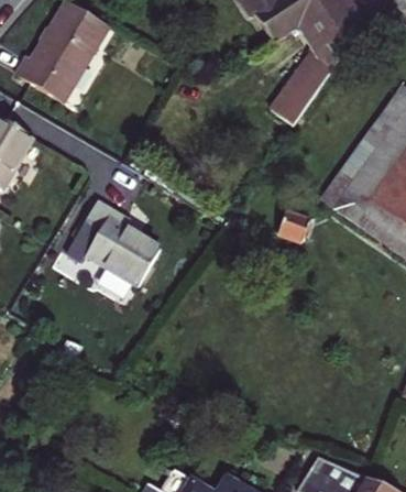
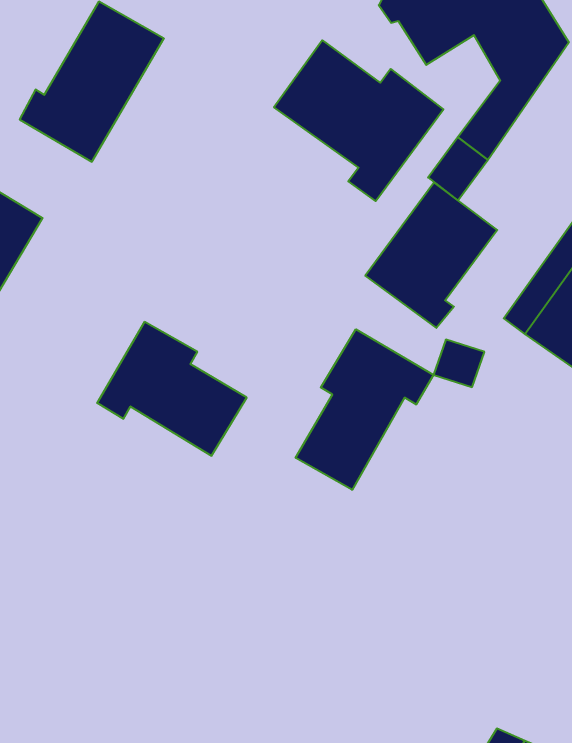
building: none -> [274,40,443,201]
building: none -> [365,182,497,328]
building: none -> [296,329,433,490]

